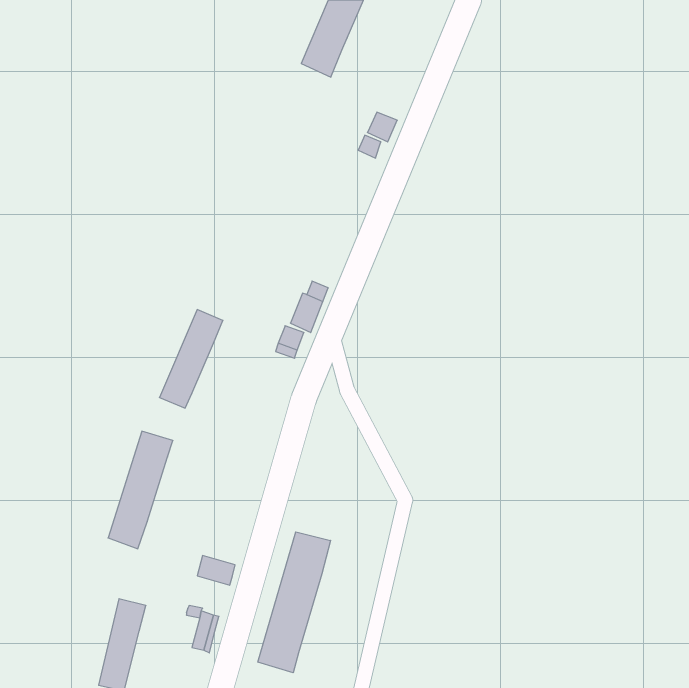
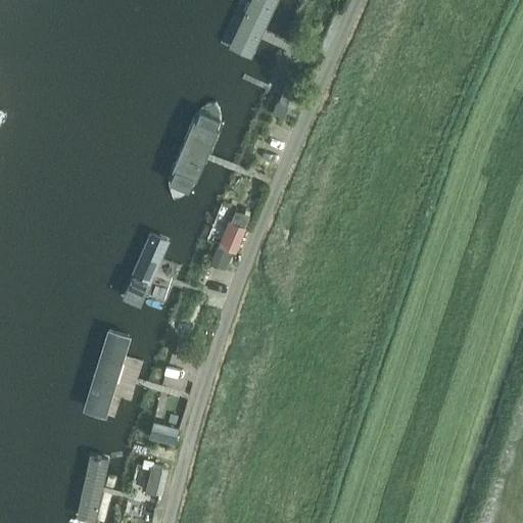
building: none -> [168,105,222,200]
building: [258,532,331,673] -> none

